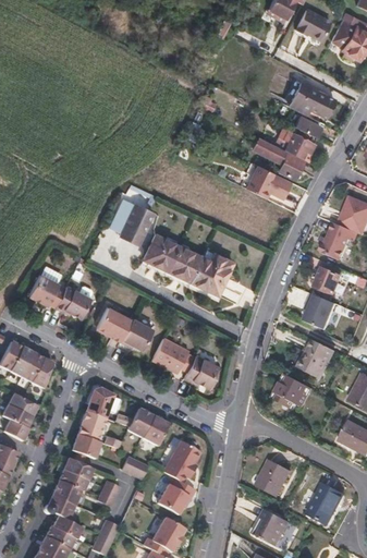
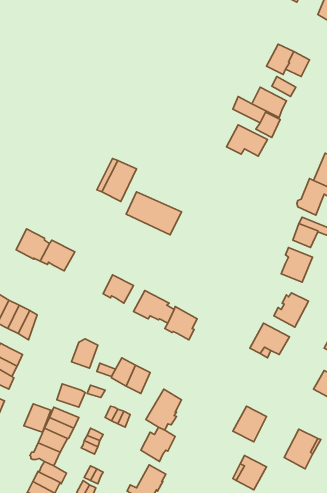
building: [189,253,232,293] -> none
building: [97,307,131,341] -> none
building: [77,412,106,441] -> [24,404,51,432]

